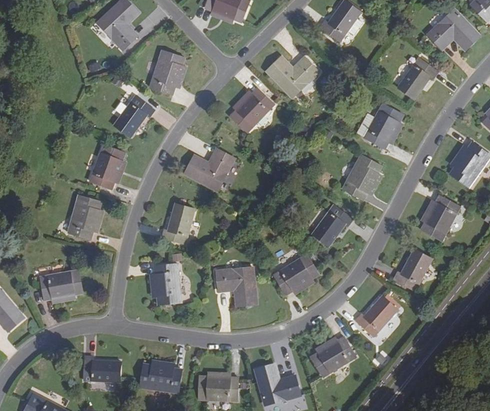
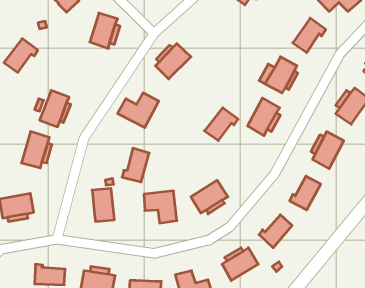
building: [265,56,318,97] -> none
building: [113,96,154,137] -> [4,39,38,72]
building: [161,203,194,244] -> [122,148,149,182]
building: [311,205,352,245] -> [204,108,238,141]

